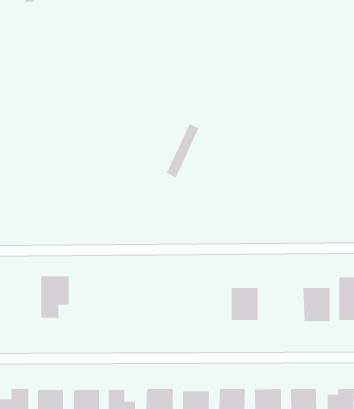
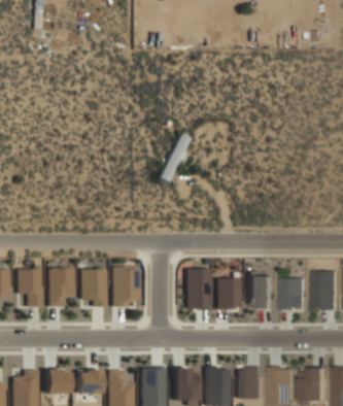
building: none -> [112,266,139,306]
building: none -> [18,268,40,306]
building: none -> [82,268,106,305]
building: none -> [186,269,212,309]
building: none -> [249,271,275,309]

